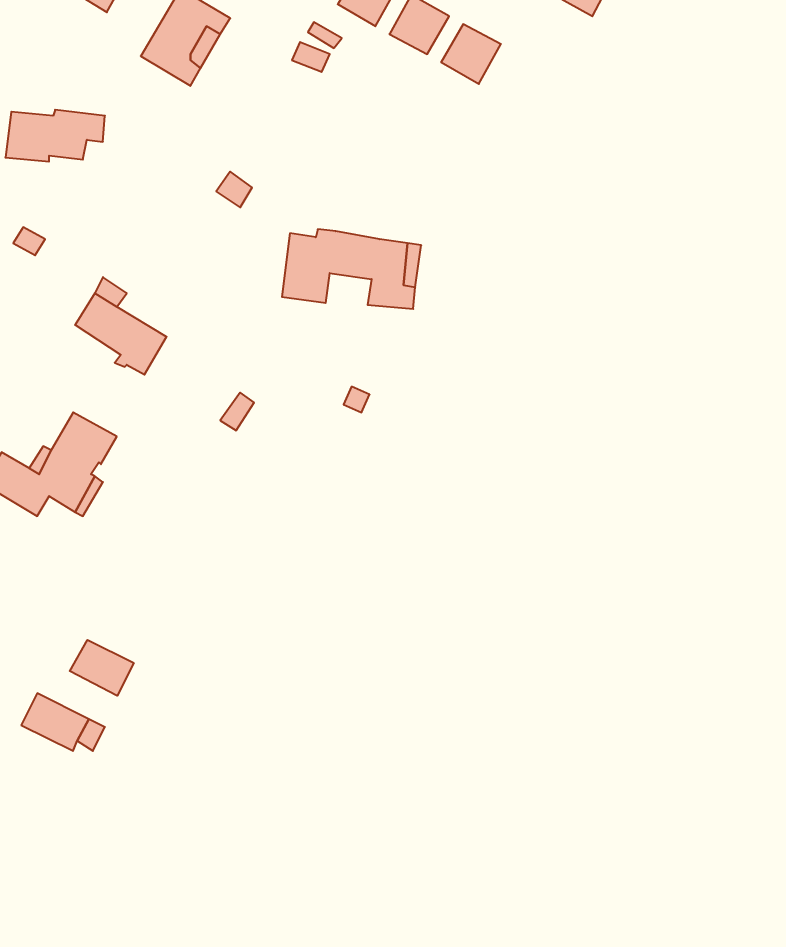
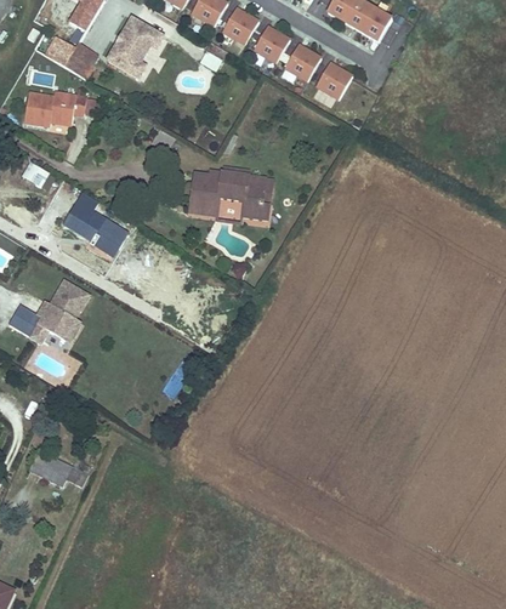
building: none -> [40,39,89,75]
building: none -> [318,59,353,96]
building: [70,640,134,696] -> none

